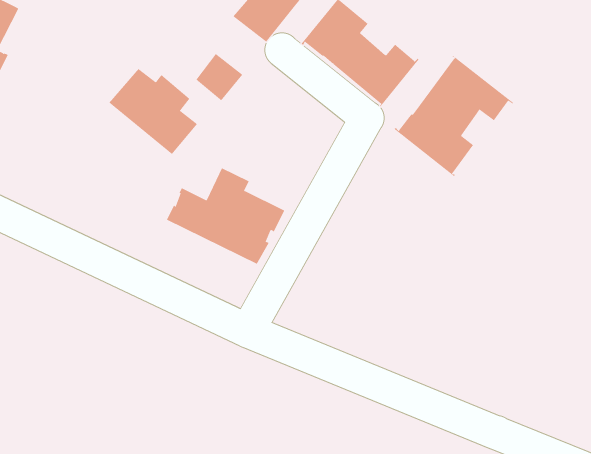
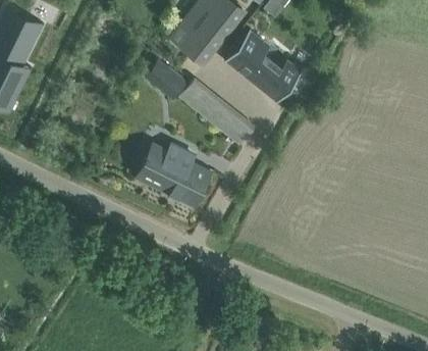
building: [393,55,514,177] -> none
building: [109,68,198,155] -> none

